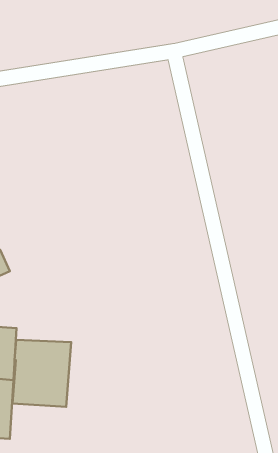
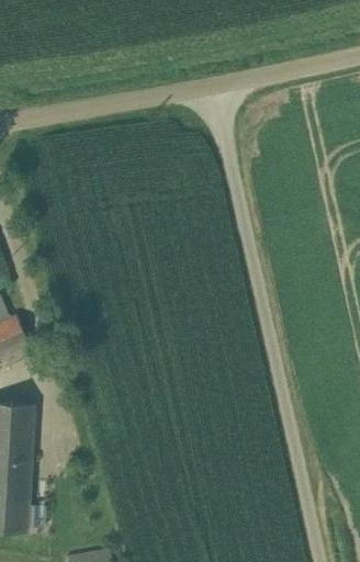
building: [12,340,71,407] -> none

